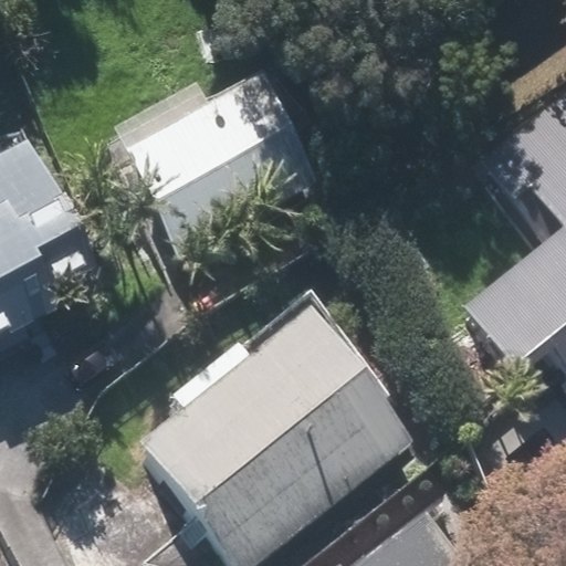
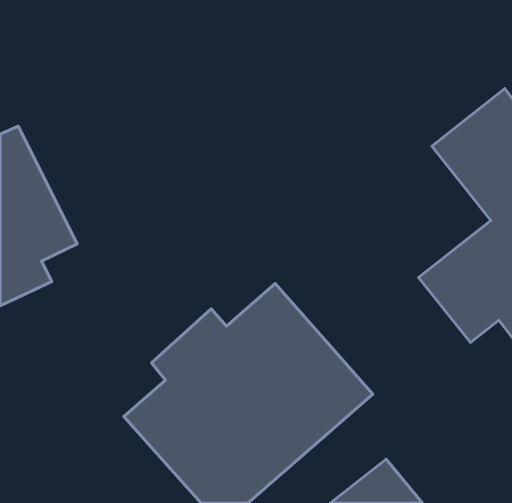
building: [120,76,316,253] -> none

